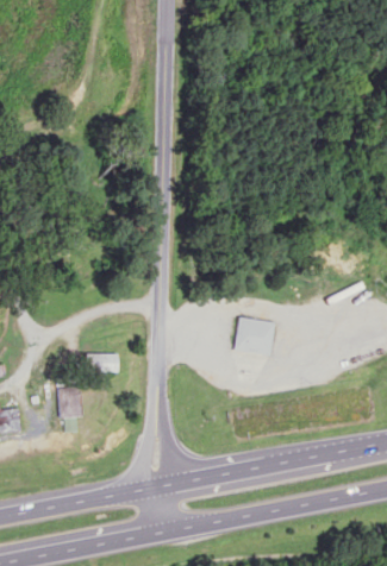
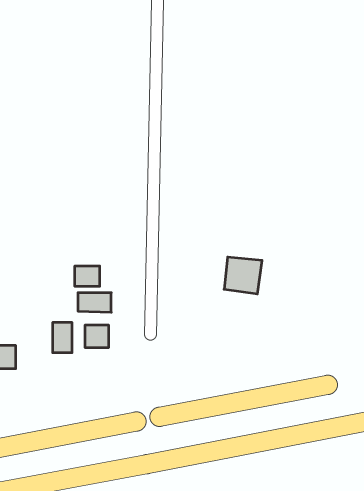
building: none -> [75,266,100,286]
building: none -> [85,325,108,348]

